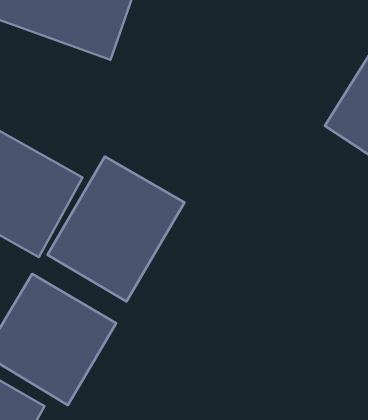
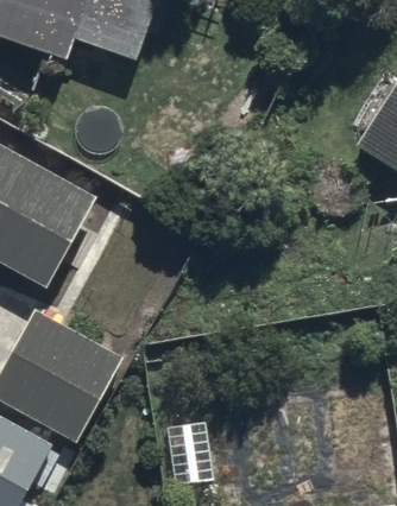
building: [48,157,185,301] -> none

